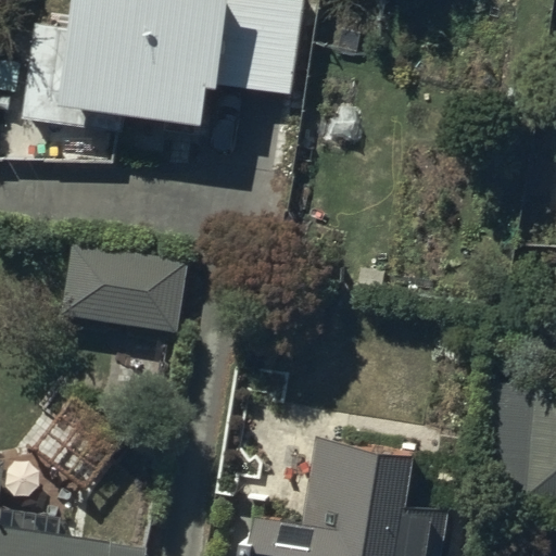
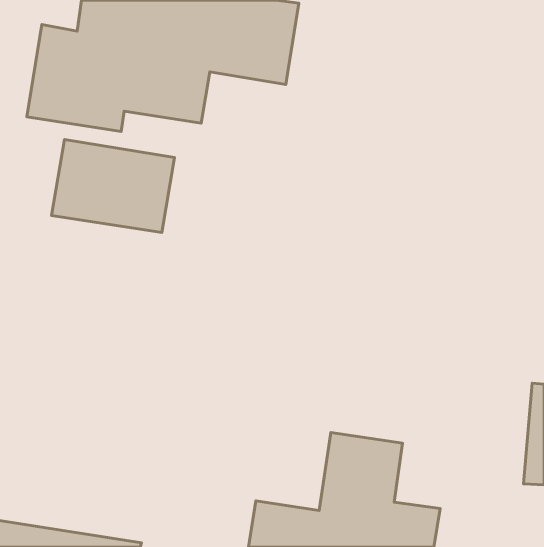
building: [58,244,182,339] -> [52,139,175,233]

